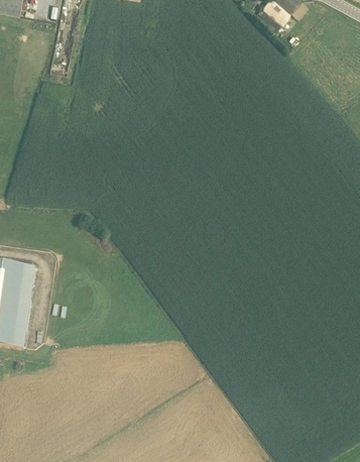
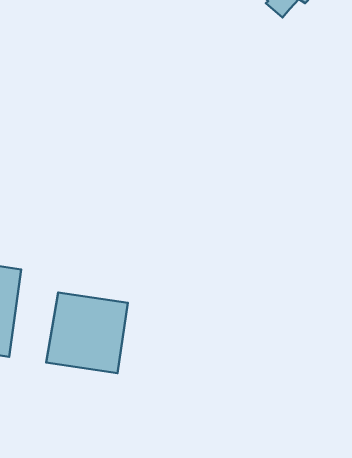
building: none -> [46,292,128,373]

